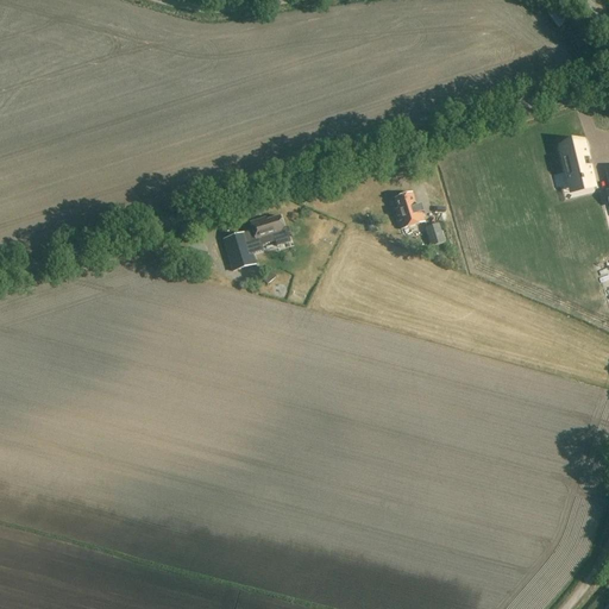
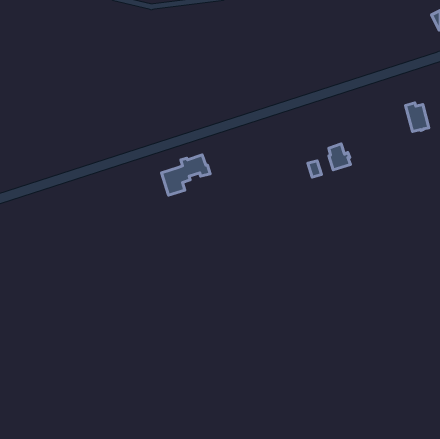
building: [394,190,423,226] -> [329,144,351,170]

